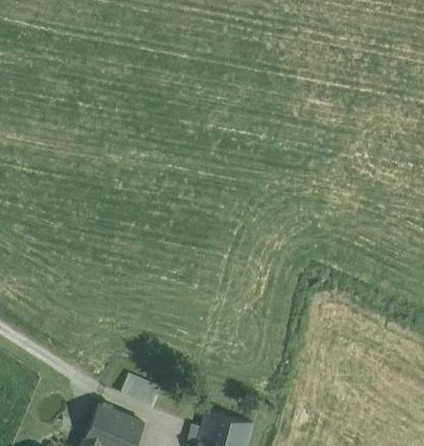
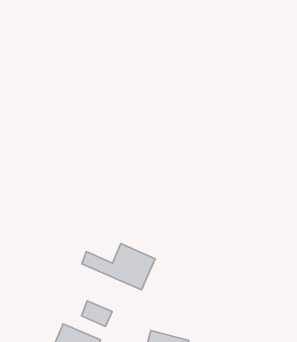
building: none -> [82,244,155,290]

